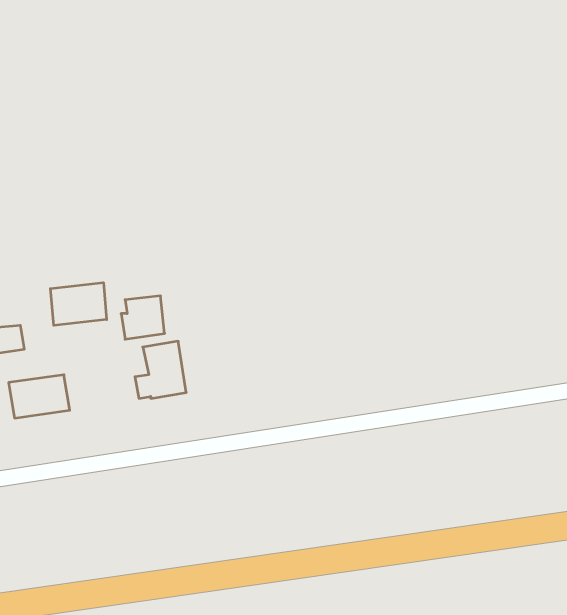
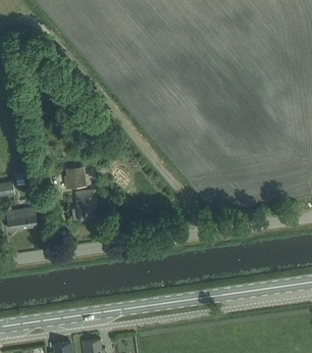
building: [50,283,107,325] -> none

